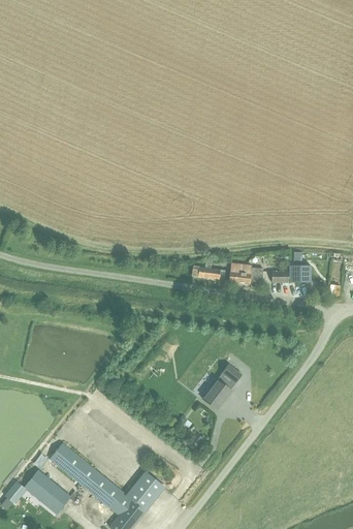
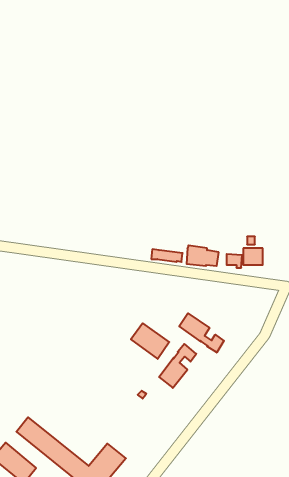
building: none -> [179,313,224,353]
building: none -> [131,323,169,359]

